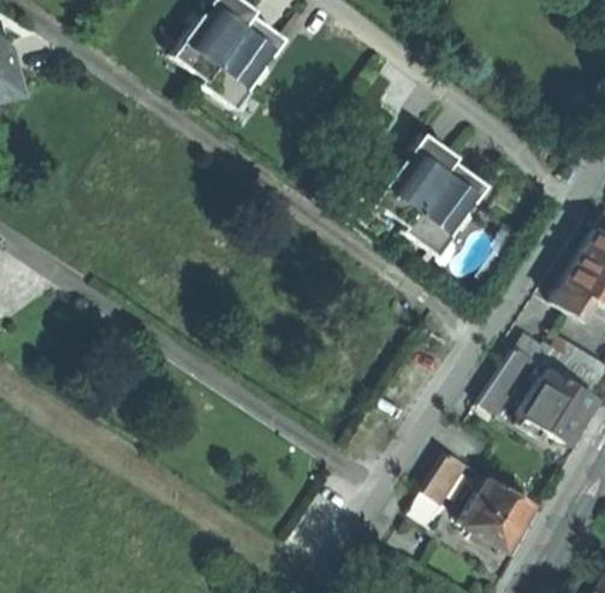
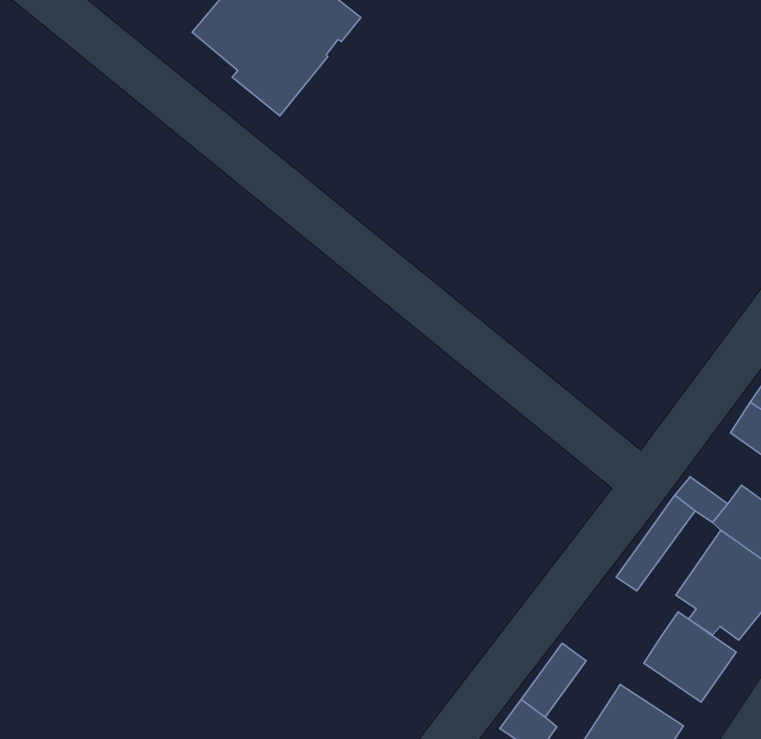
building: [375,134,487,255] -> none
building: none -> [644,612,736,702]

